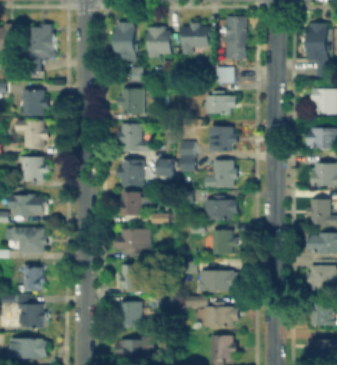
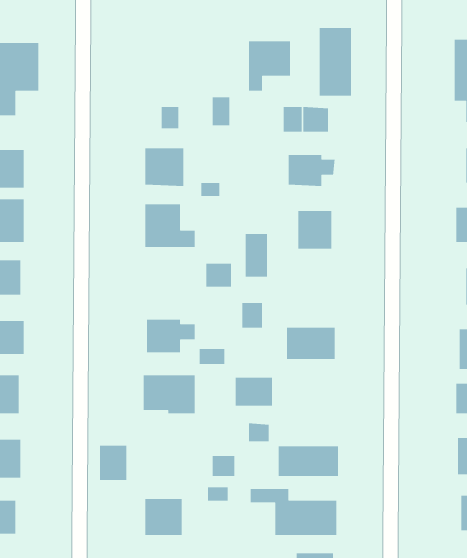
building: [116,23,136,62] -> none
building: [147,29,171,57] -> none
building: [119,162,141,186] -> none
building: [205,162,235,188] -> none
building: [213,234,236,252] -> [235,377,273,406]
building: [122,266,139,288] -> [99,445,127,481]

